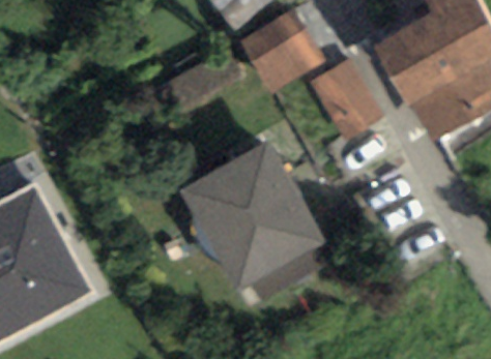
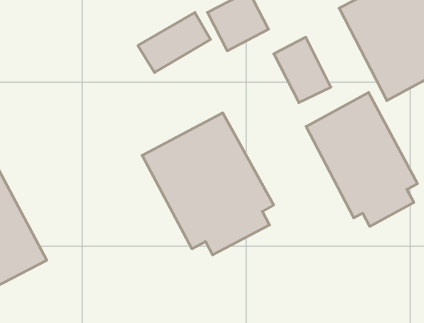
building: none -> [306,92,417,226]

